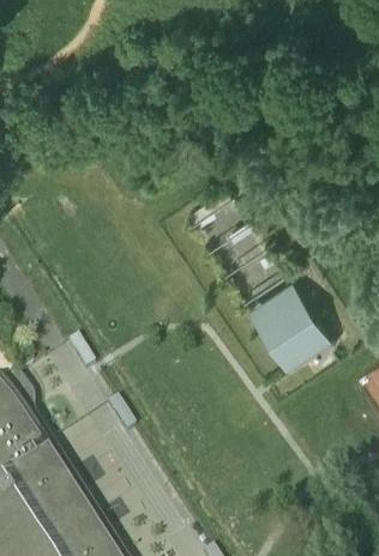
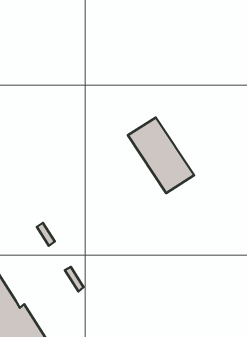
building: [254,289,330,367] -> none

